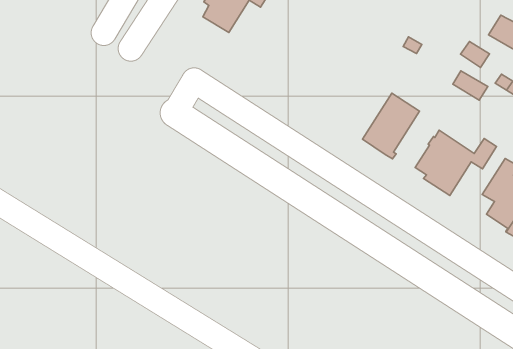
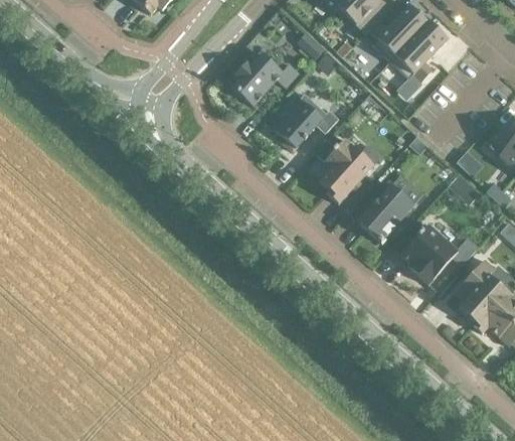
building: none -> [274,93,339,151]
building: none -> [319,138,374,203]

